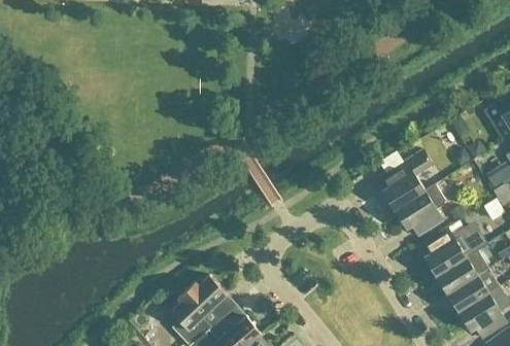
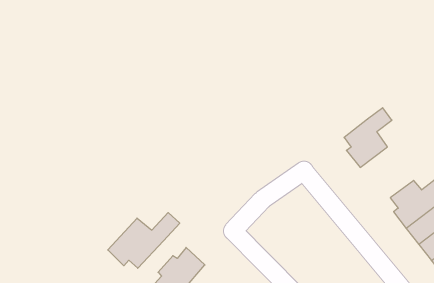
building: [395,184,445,236] -> none
building: none -> [108,213,180,268]

